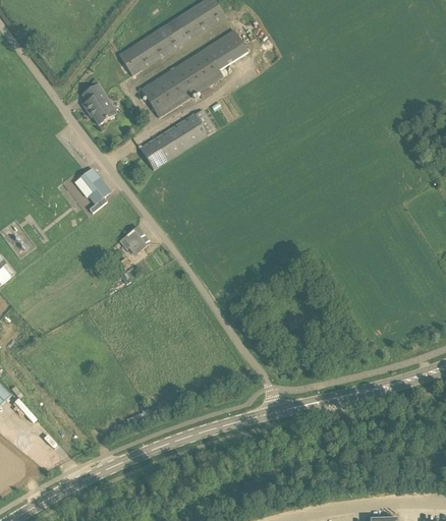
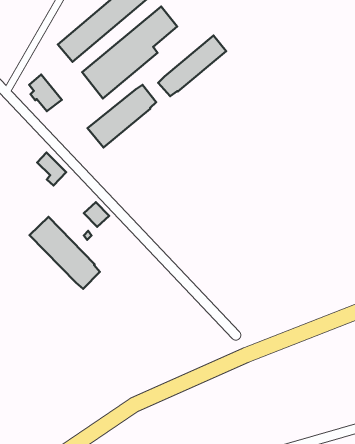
building: none -> [158,35,226,96]
building: none -> [29,217,100,289]

